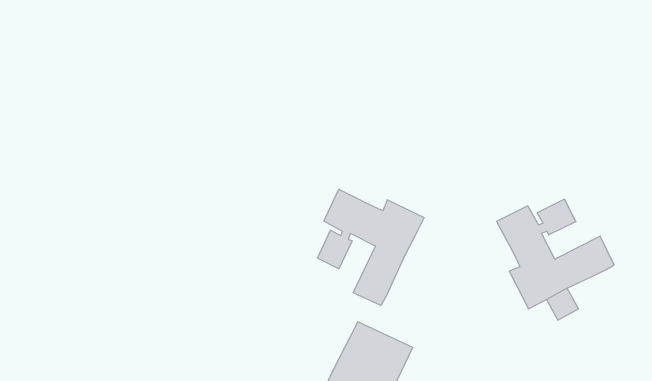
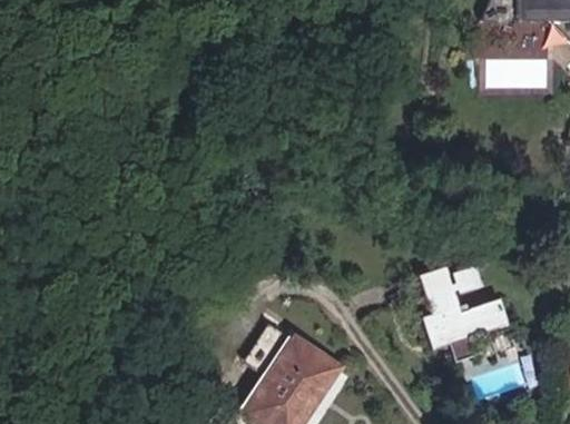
building: [317,189,424,305] -> none

